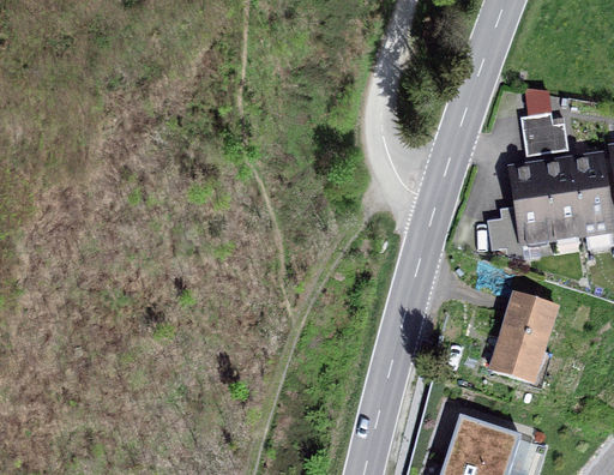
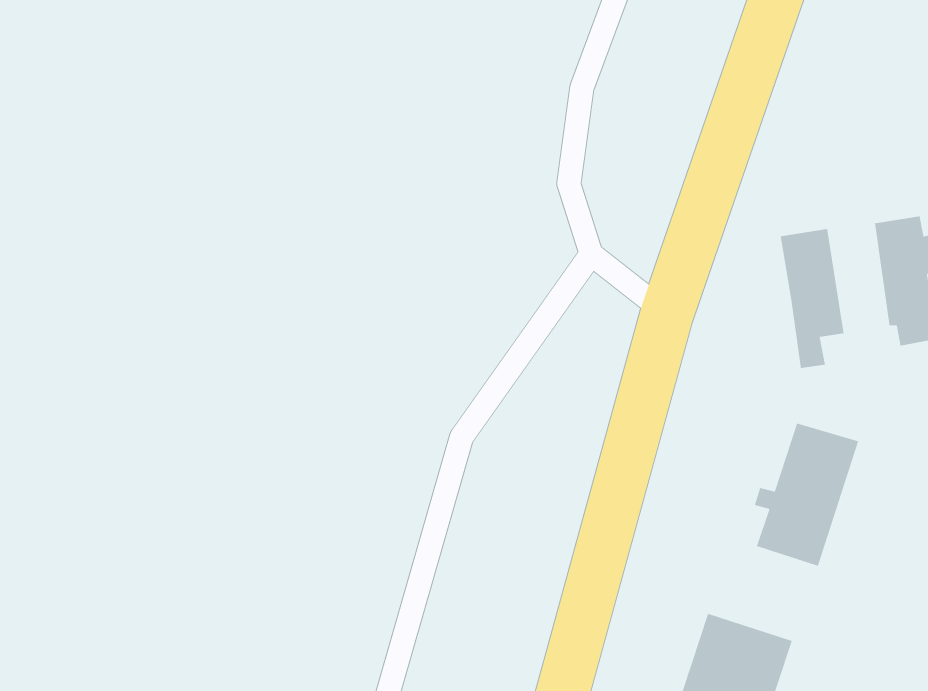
building: [518,110,566,152] -> none
building: [540,161,579,233] -> none
building: [486,212,522,255] -> none

